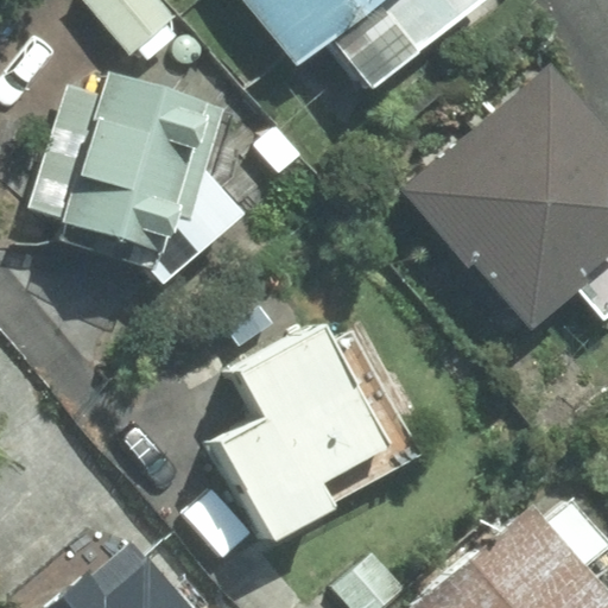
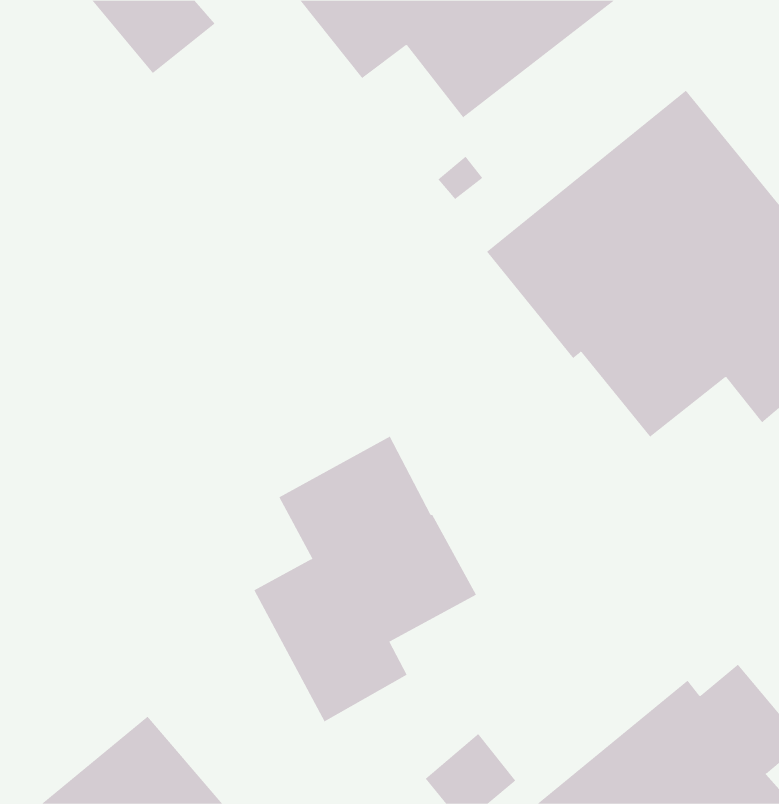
building: [63,72,239,285] -> none

